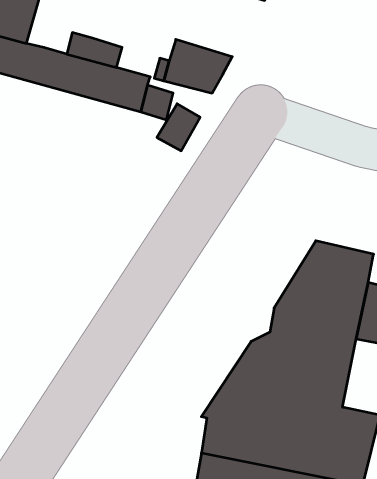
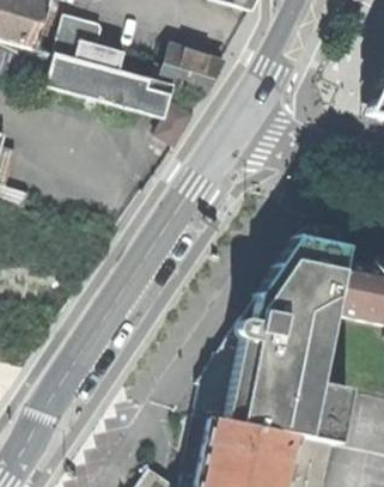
building: none -> [57,16,104,59]

